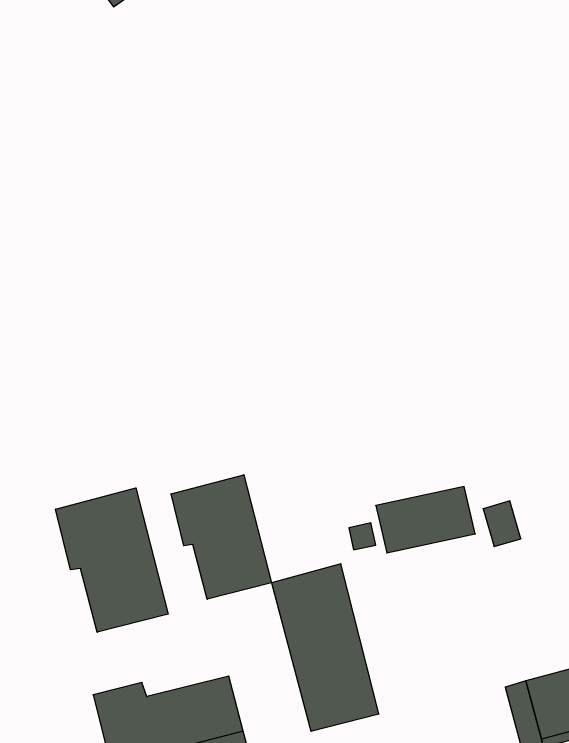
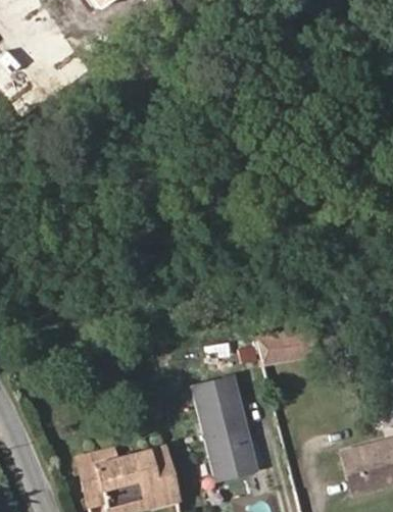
building: [171,475,271,599] -> none
building: [56,488,168,632] -> none

